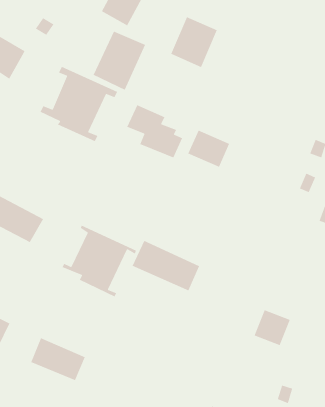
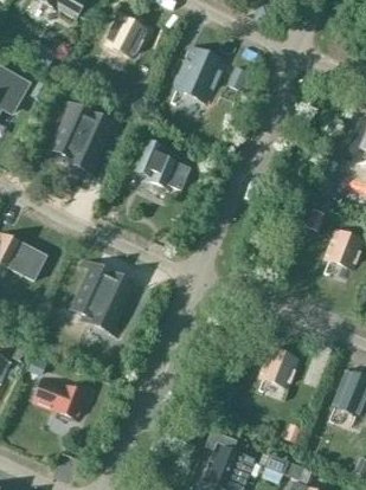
building: [92,31,146,91] -> none
building: [187,129,230,168] -> none
building: [131,240,200,291] -> none

